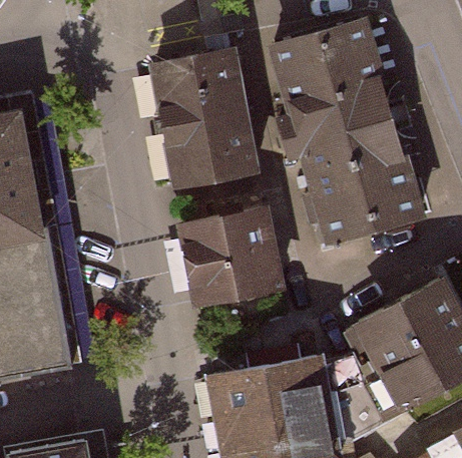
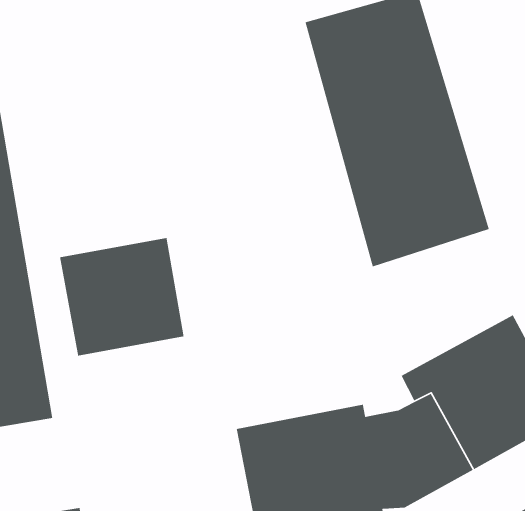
building: [145,51,261,184] -> none
building: [179,209,282,307] -> [59,237,184,356]

